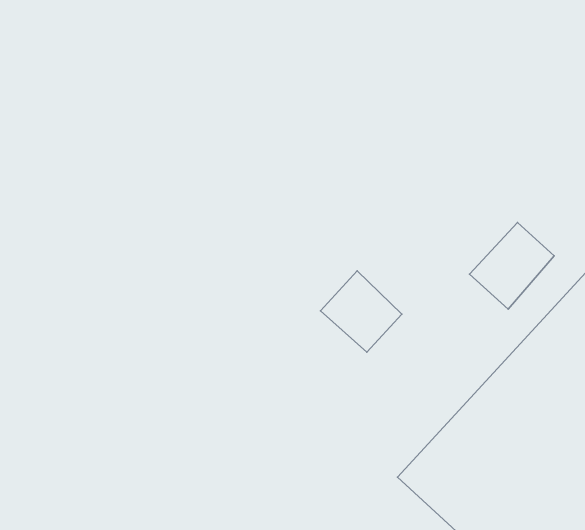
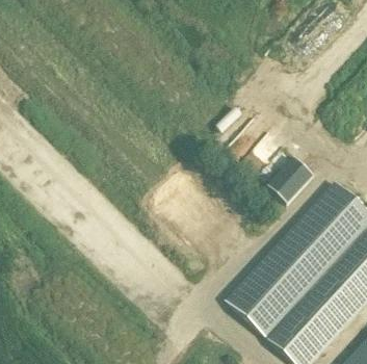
building: [321,271,402,352] -> none

